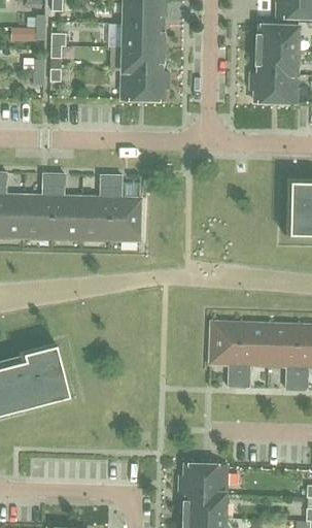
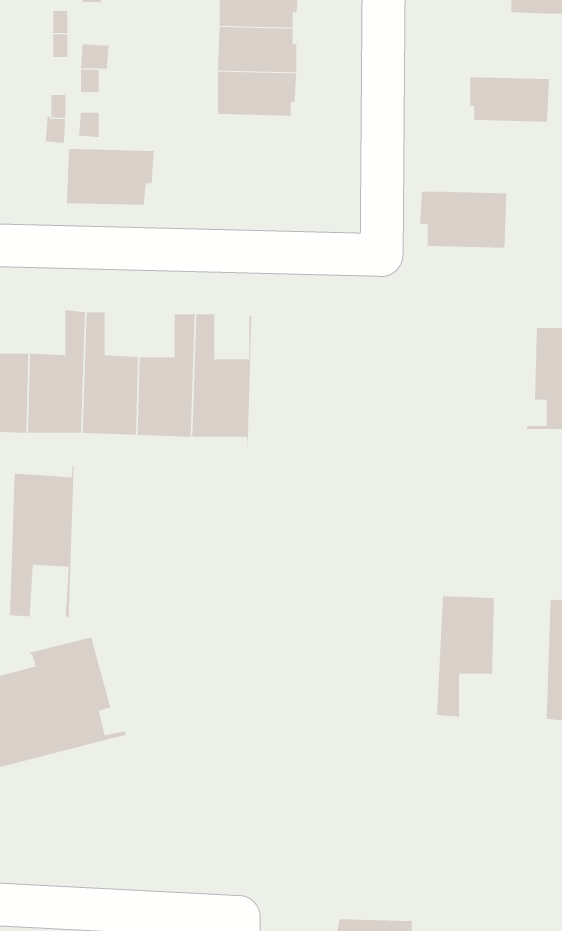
building: [255,26,298,52] -> none
building: [122,70,168,100] -> [66,149,154,205]
building: [250,73,297,103] -> [419,191,507,248]
building: none -> [10,465,74,618]
building: [208,323,241,388] -> none
building: [268,325,298,389] -> none
building: [180,465,226,495] -> none

